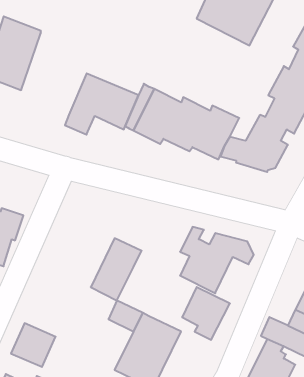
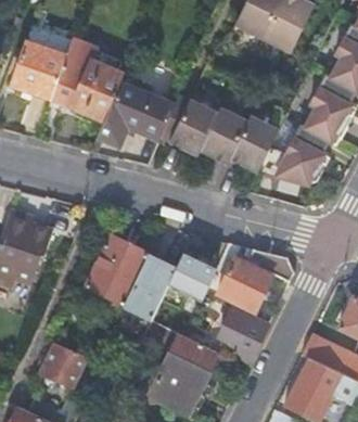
building: none -> [51,40,124,126]
building: none -> [86,235,149,306]
building: none -> [168,254,217,302]

